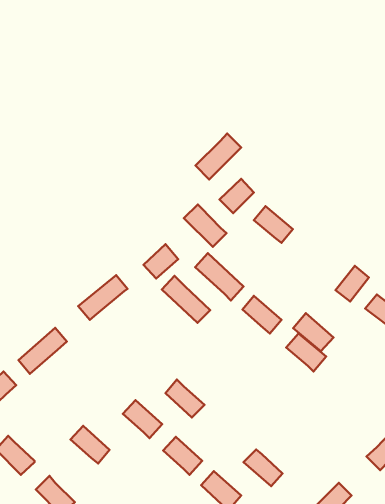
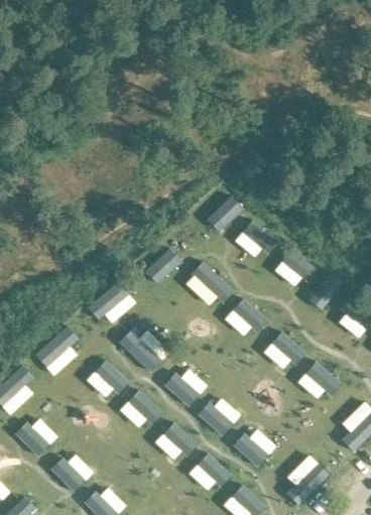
building: [195,134,241,179] -> none
building: [184,205,227,247] -> none
building: none -> [282,249,317,281]
building: [162,276,210,323] -> [120,330,162,371]
building: [293,313,334,351] -> [305,361,341,394]
building: none -> [199,402,234,435]
building: [71,426,110,464] -> [95,360,129,393]

